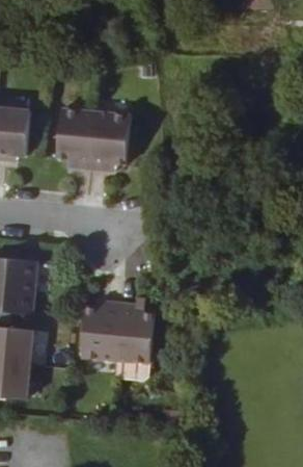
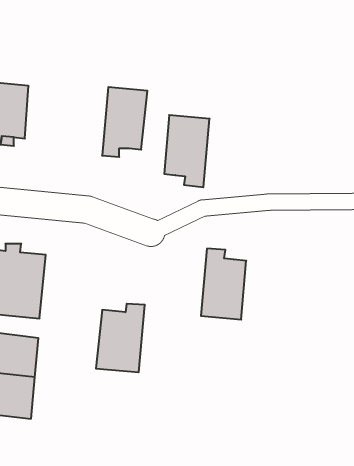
building: [54,110,92,172] -> [164,115,210,187]
building: [118,299,157,359] -> [201,249,246,320]

